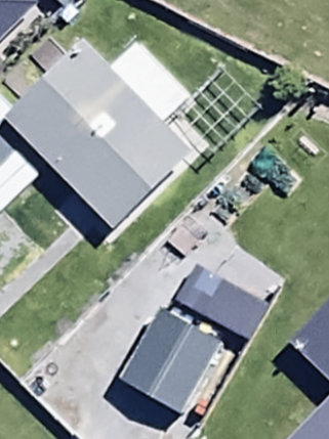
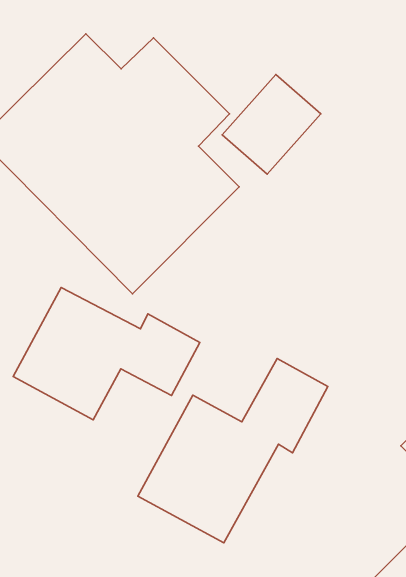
building: none -> [13,288,200,420]

